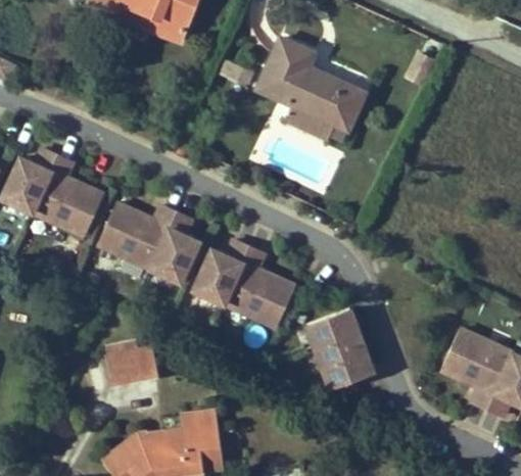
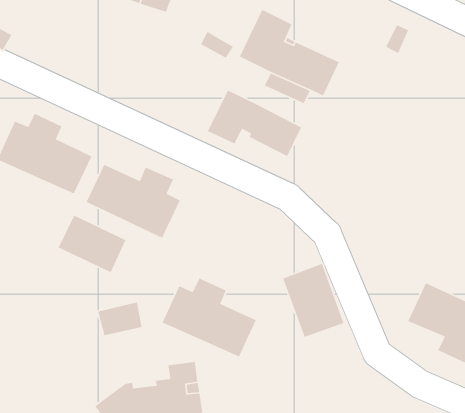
building: none -> [207,89,302,157]
building: [193,240,294,325] -> [161,278,257,357]
building: none -> [58,215,127,273]

